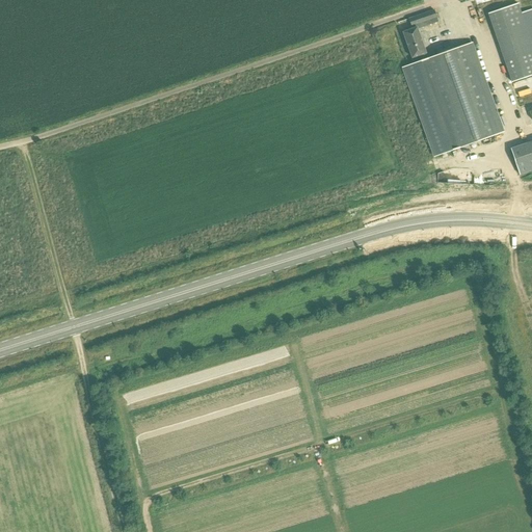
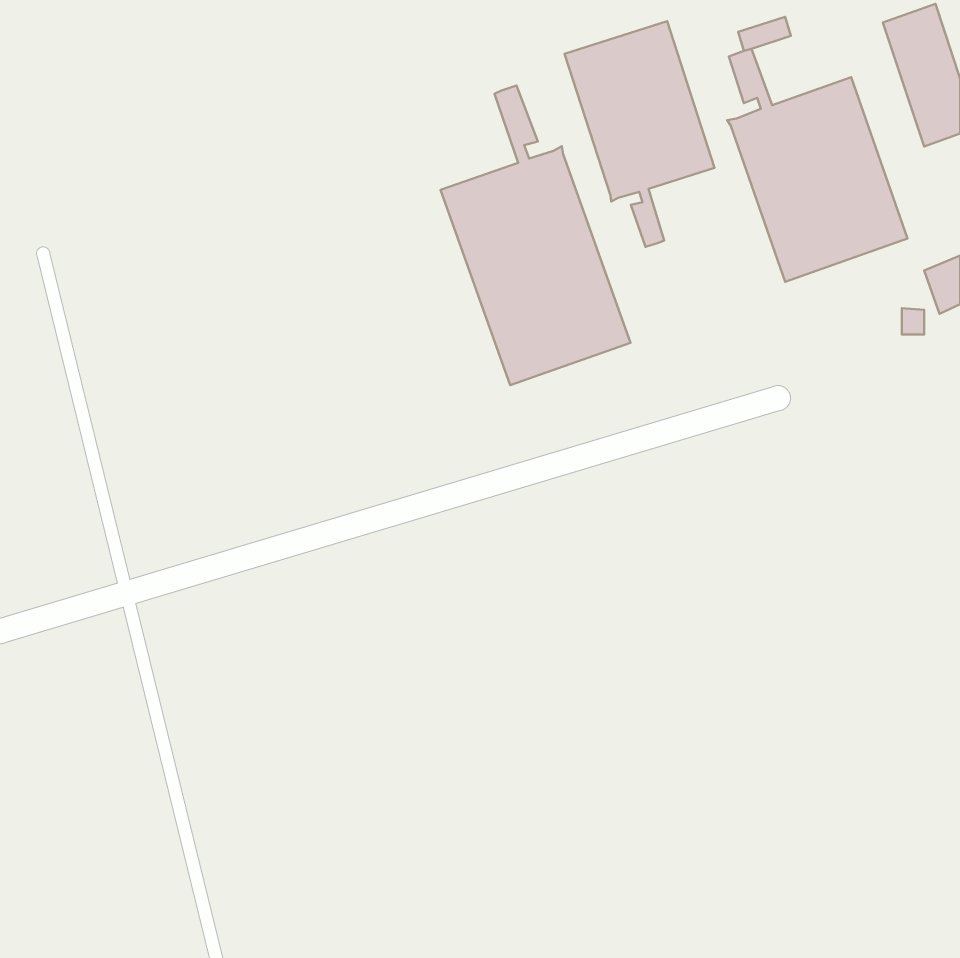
building: none -> [565,21,715,247]
building: none -> [440,86,630,385]

